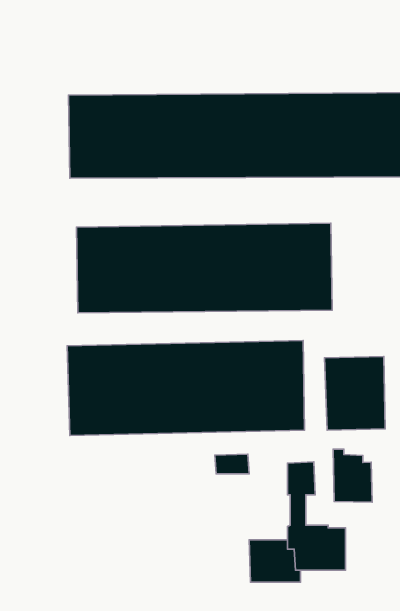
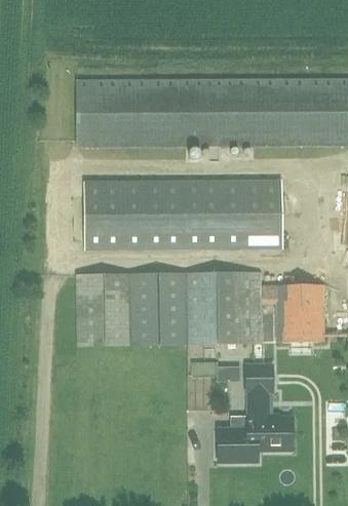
building: [333,449,372,502] -> none

